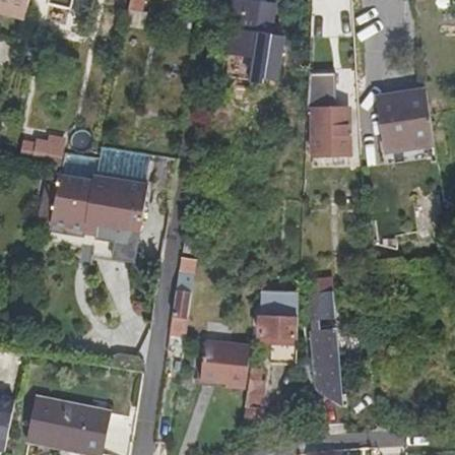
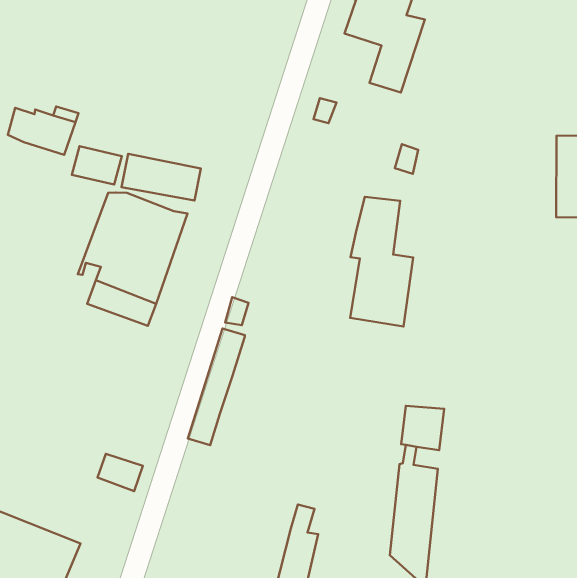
building: [308,71,349,152] -> [350,197,413,326]
building: [49,176,92,237] -> none
building: [260,289,299,363] -> none
building: [198,341,249,386] -> none

